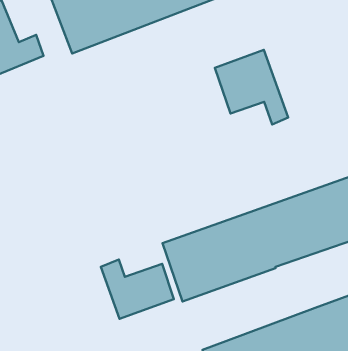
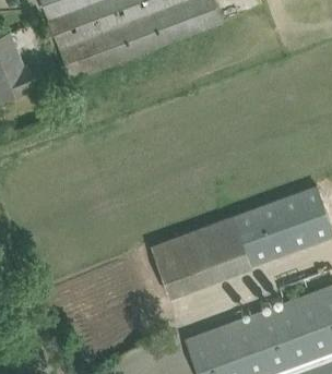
building: [215,50,288,125] -> none
building: [101,259,174,319] -> none

